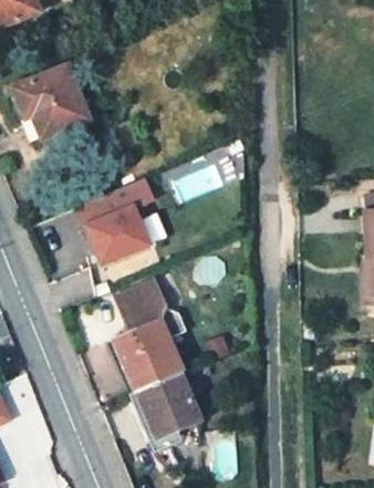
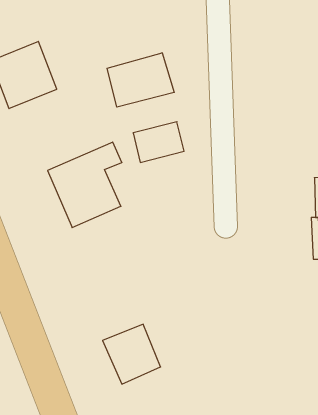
building: none -> [107,53,174,107]
building: [115,279,186,391] -> none

